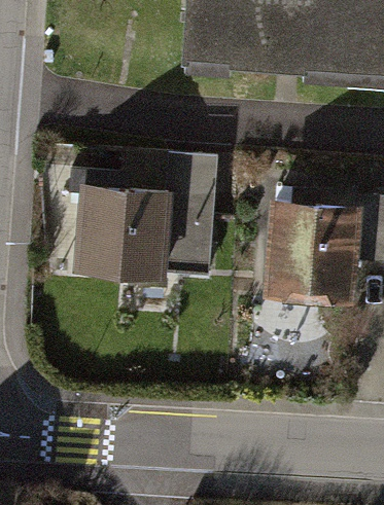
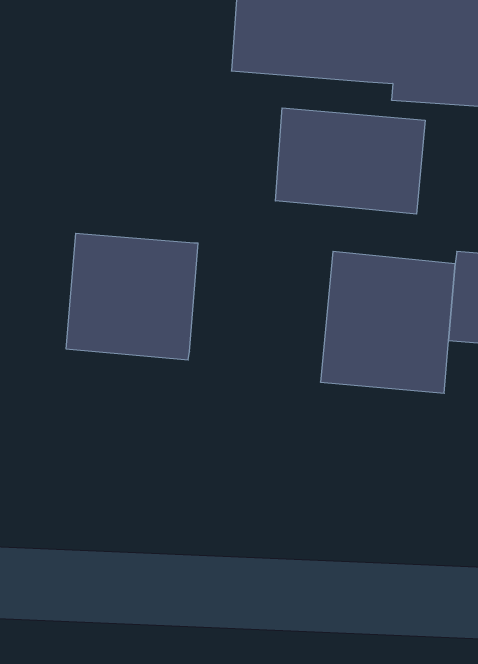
building: none -> [275,108,425,214]
building: [163,152,215,272] -> none

